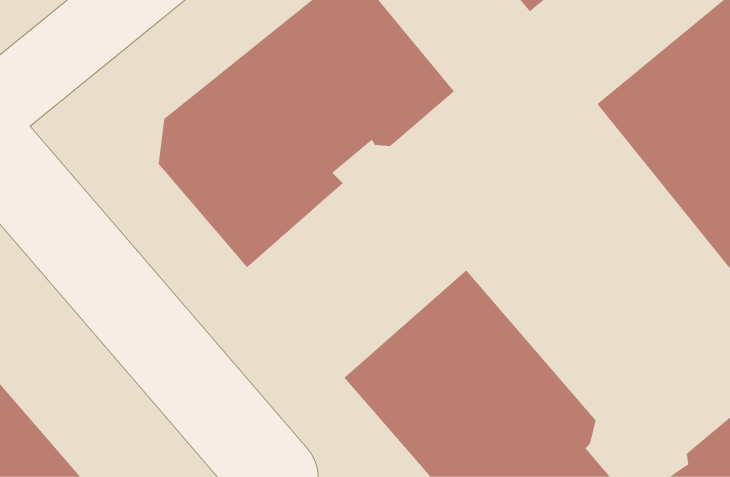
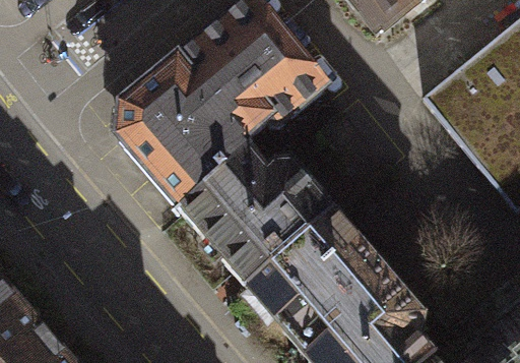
building: none -> [182,148,334,284]

